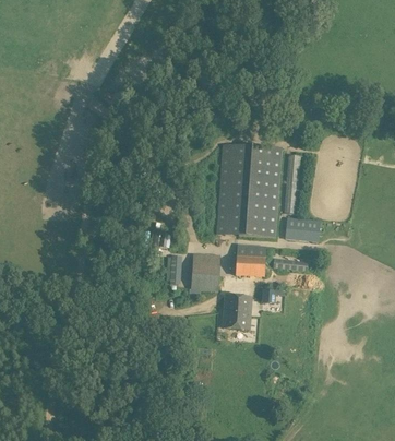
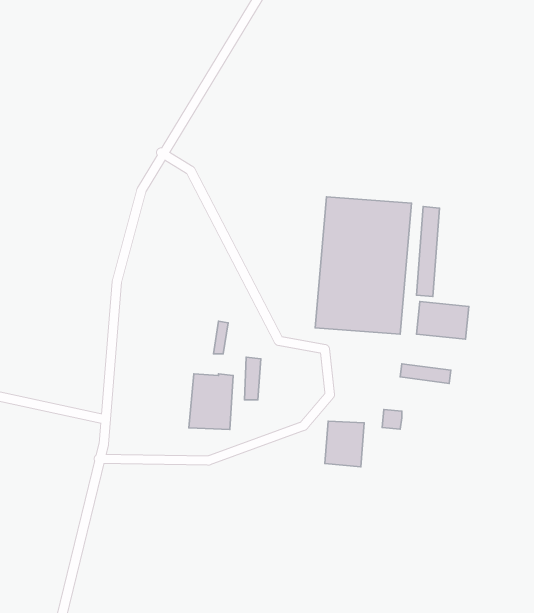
building: [235,242,265,276] -> none
building: [190,252,219,289] -> [189,374,233,429]

